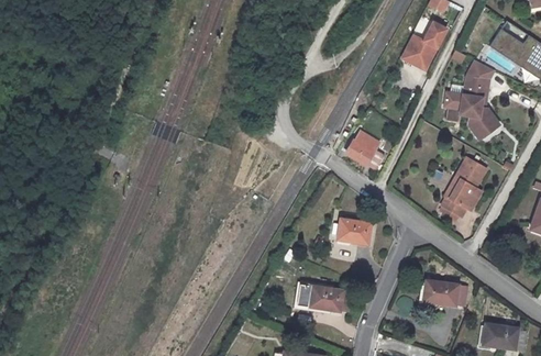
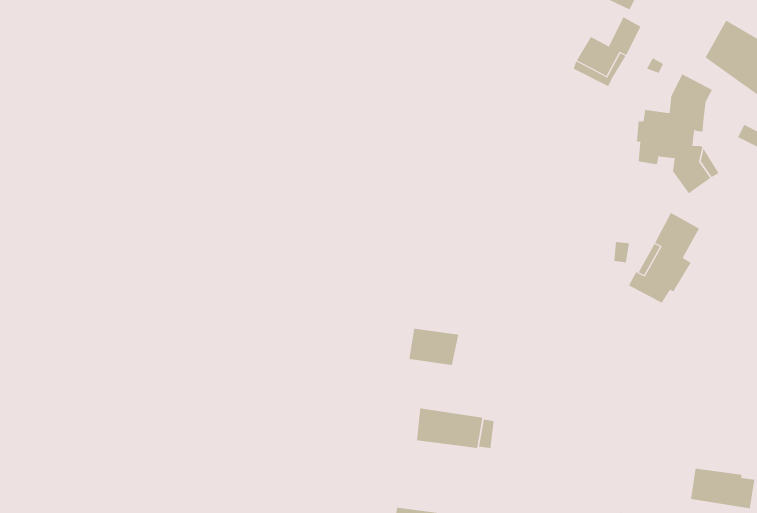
building: [344,134,384,171] -> none
building: [336,219,371,244] -> [409,328,459,366]
building: [422,280,459,307] -> none

